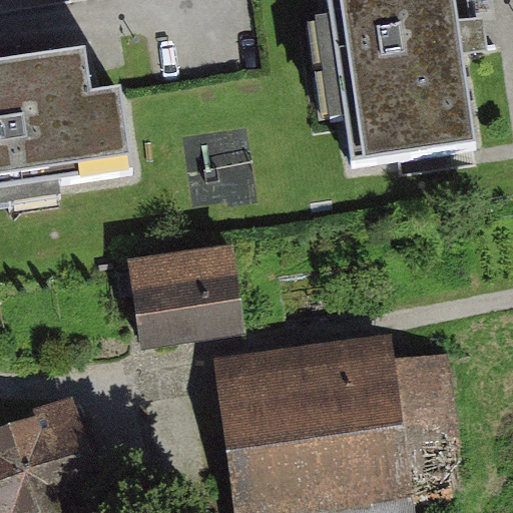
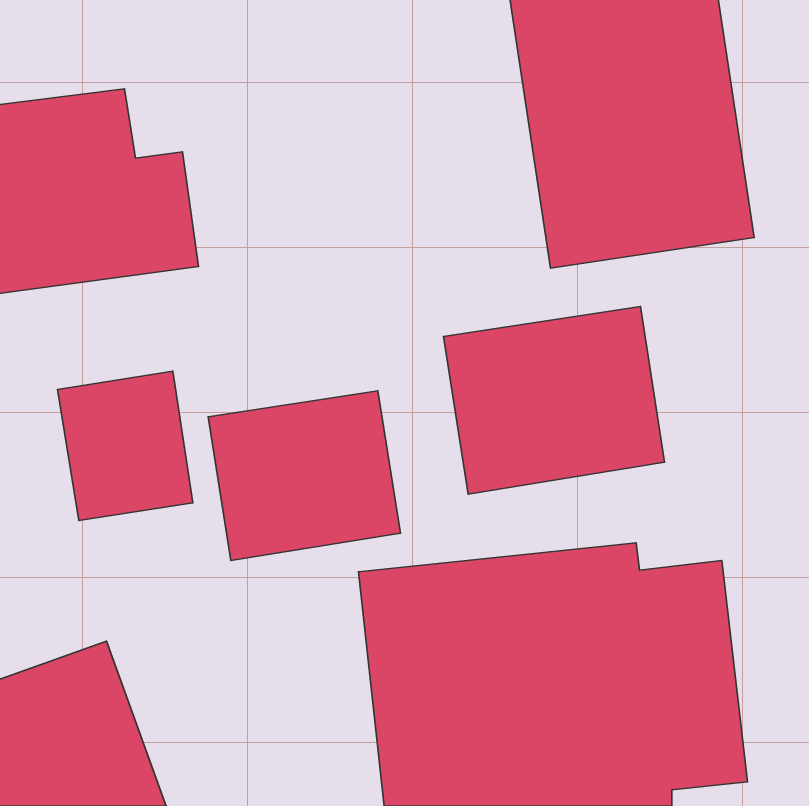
building: none -> [443,306,665,494]
building: none -> [58,371,193,521]

